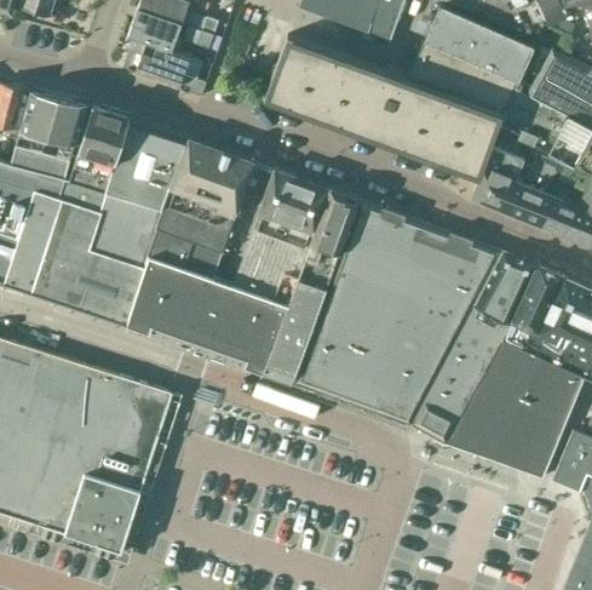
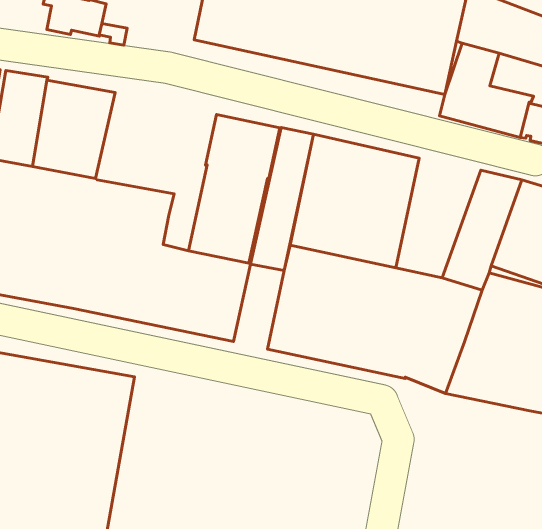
building: [161,137,254,234] -> none
building: [415,231,502,340] -> none
building: [263,305,316,383] -> none

